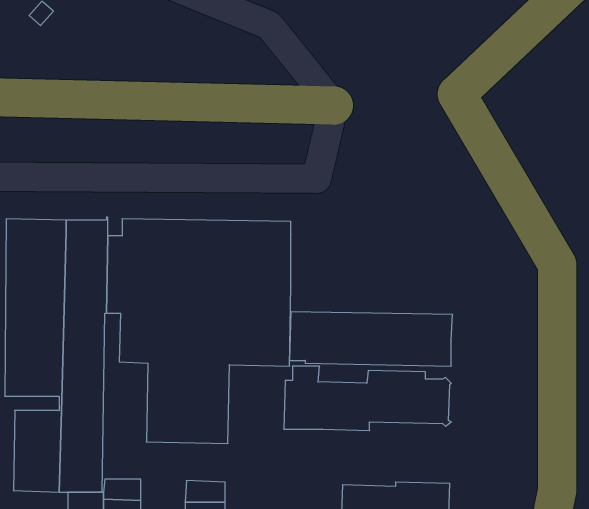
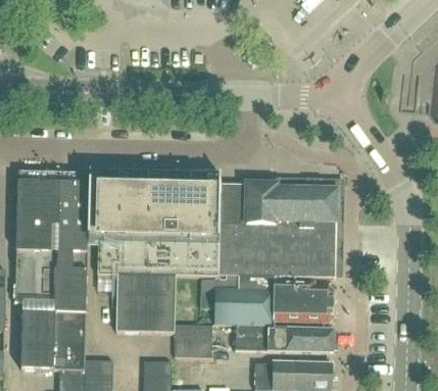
building: none -> [218,184,335,241]
building: none -> [174,323,211,356]
building: none -> [236,323,332,351]

